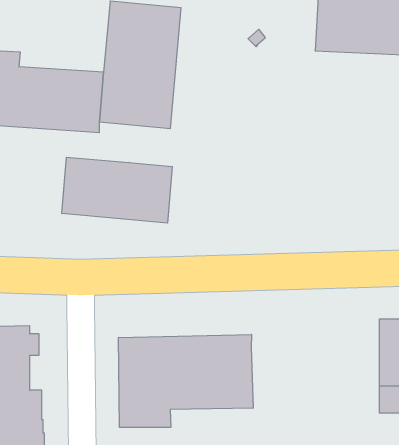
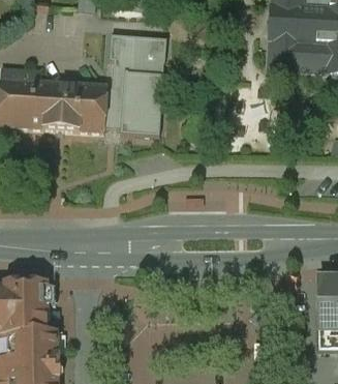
building: [62,157,172,223] -> none
building: [119,334,253,427] -> none

